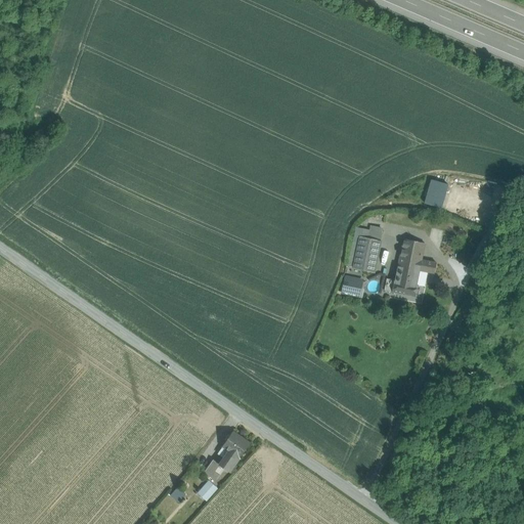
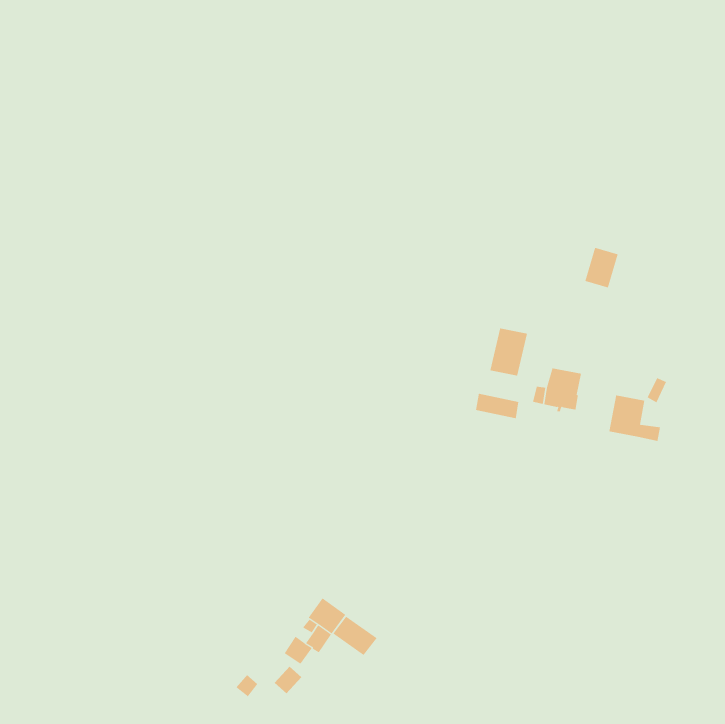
building: [398,238,436,272] -> [608,395,661,442]
building: none -> [332,616,377,656]

